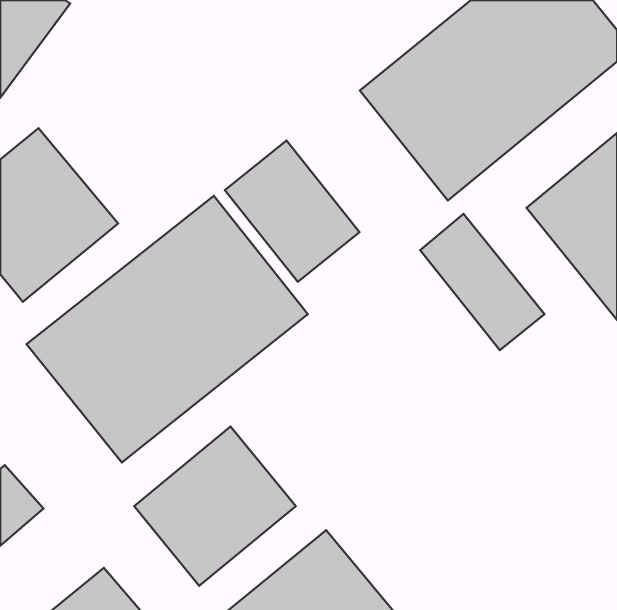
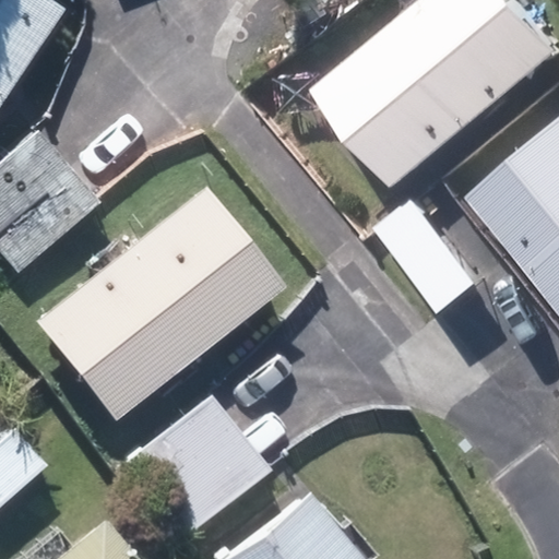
building: [225,141,359,282] -> none

